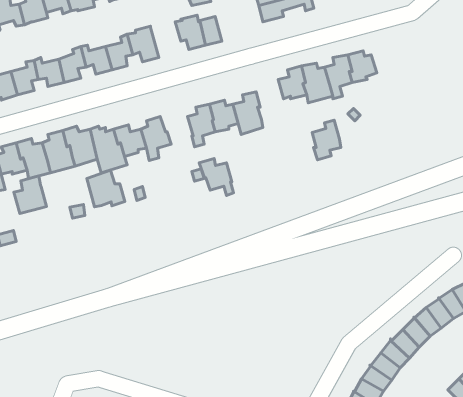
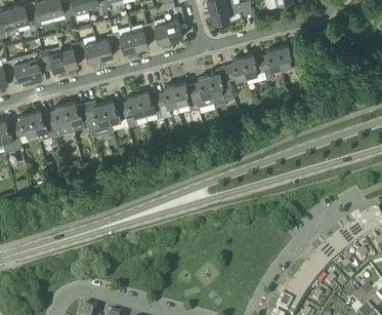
building: none -> [129,23,152,49]
building: [312,120,341,160] -> [208,66,229,95]
building: [199,159,233,196] -> [136,90,162,118]
building: [87,170,125,207] -> none
building: [14,176,47,213] -> none

